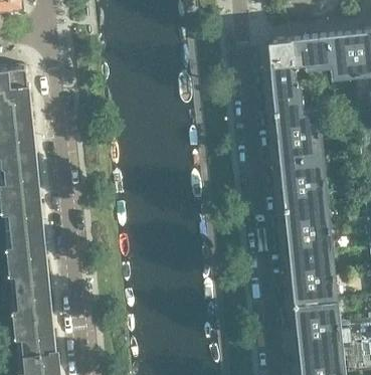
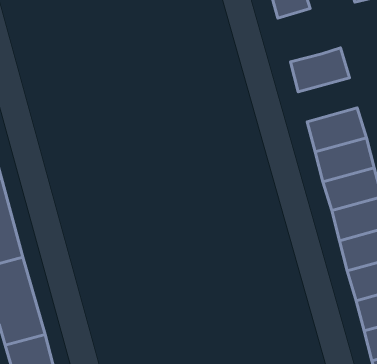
building: [270,76,300,115] -> none
building: [276,135,320,163] -> none

